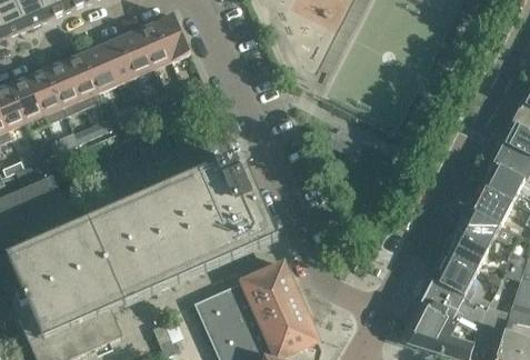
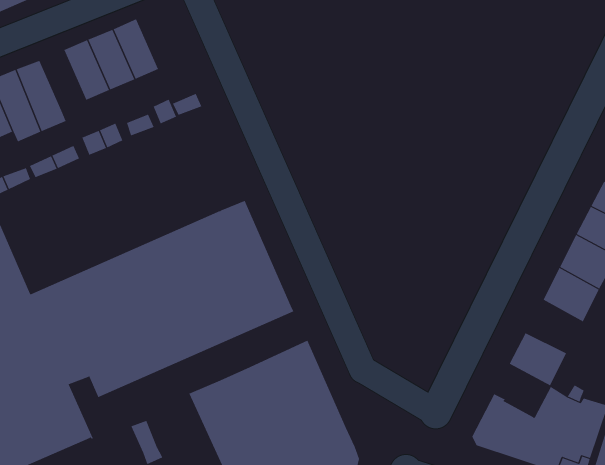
building: [154,13,190,60] -> none
building: [82,46,117,91] -> none
building: [444,232,488,272] -> none
building: [421,280,463,320] -> none

